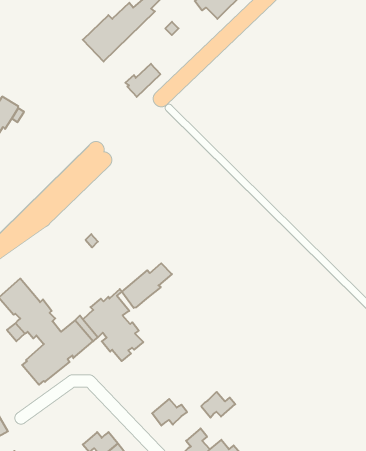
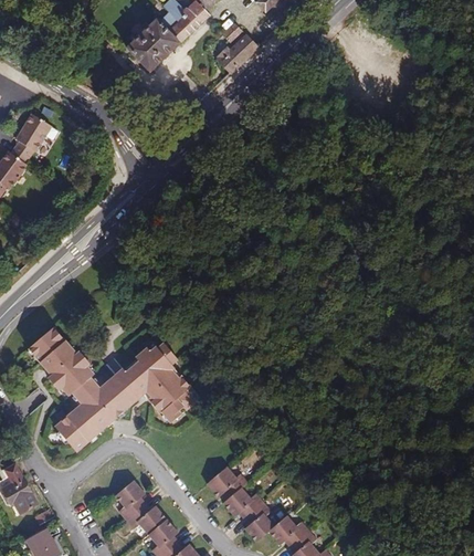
building: [125,64,160,97] -> [215,34,256,73]
building: [122,263,172,308] -> none
building: [201,392,235,418] -> [222,486,262,516]
building: none -> [114,480,144,520]

